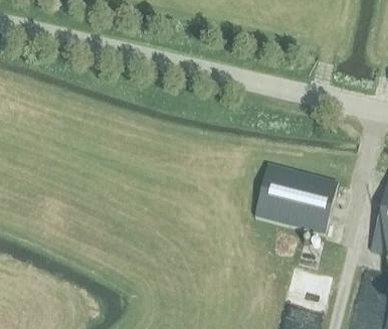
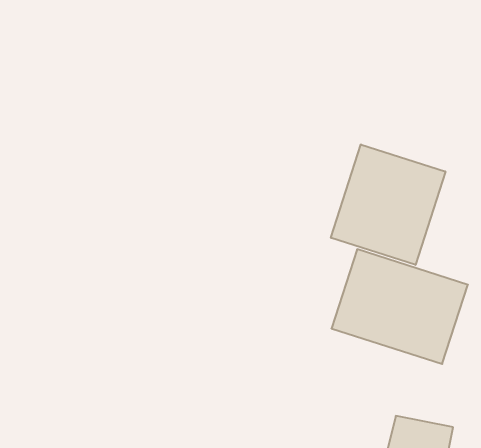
building: none -> [331,144,445,265]

